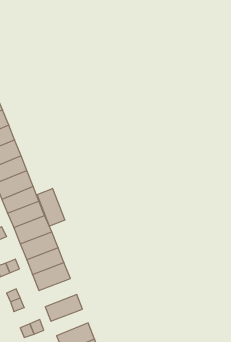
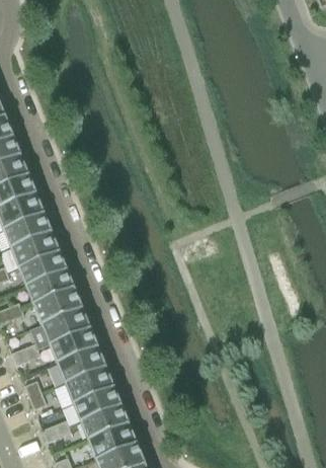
building: [37,188,65,226] -> none
building: none -> [66,367,113,402]
building: none -> [81,405,128,439]

